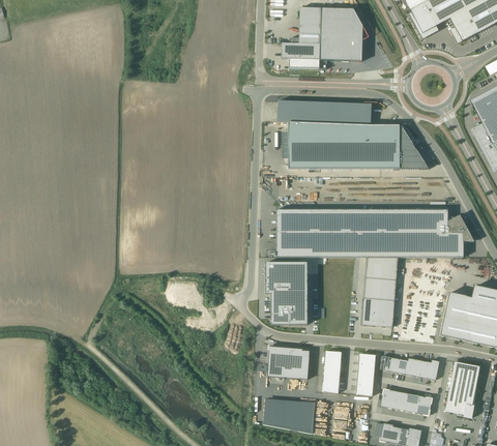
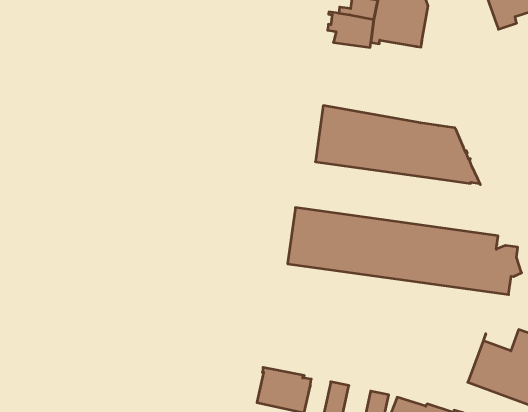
building: [277,100,372,124] -> none
building: [361,257,399,327] -> none
building: [266,262,308,324] -> none

